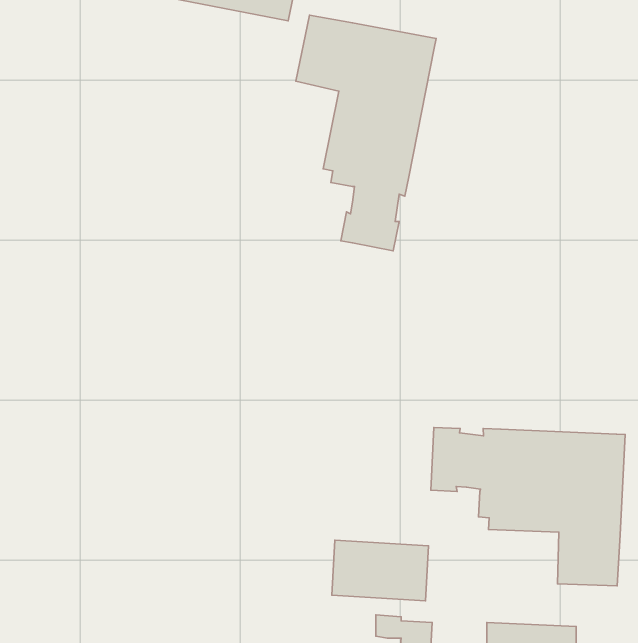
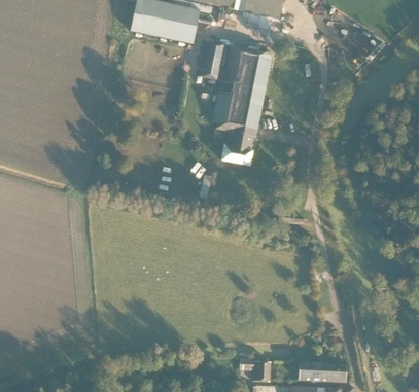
building: [431,427,625,586] -> none
building: [332,540,429,601] -> none

